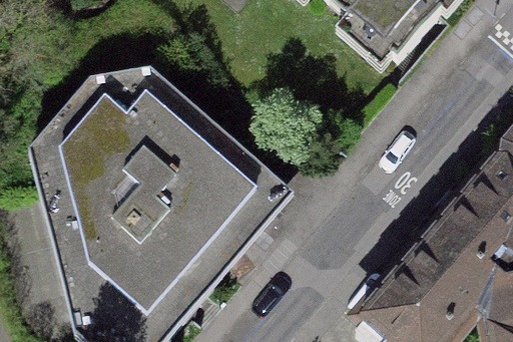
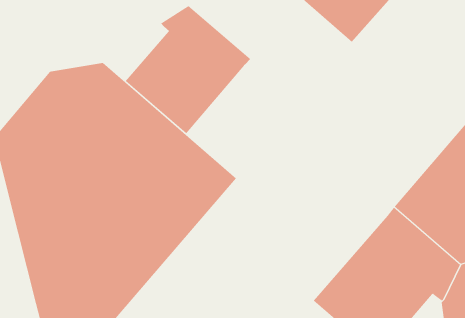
building: none -> [125,5,251,134]

